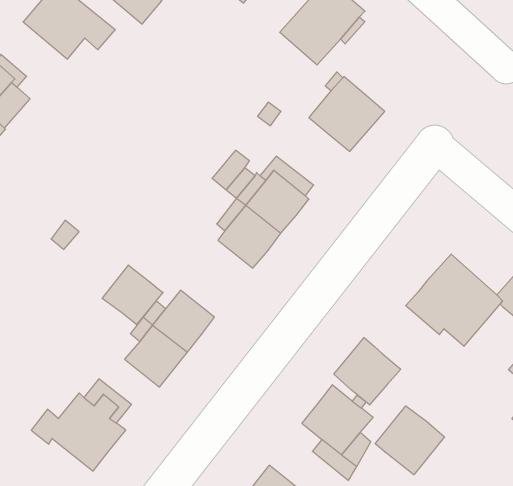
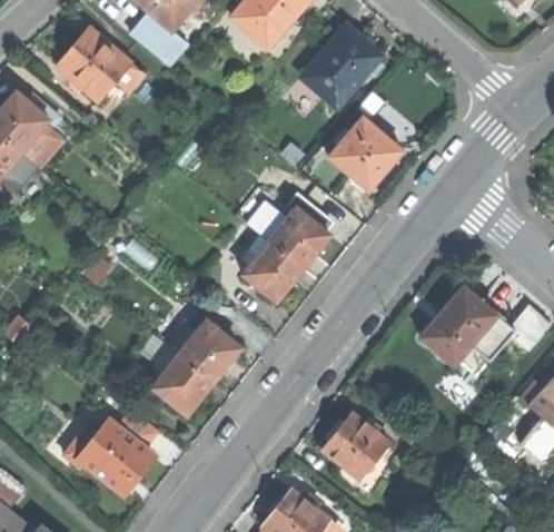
building: [102,265,163,325] -> none
building: [334,338,401,405] -> none
building: [375,406,444,475] -> none

